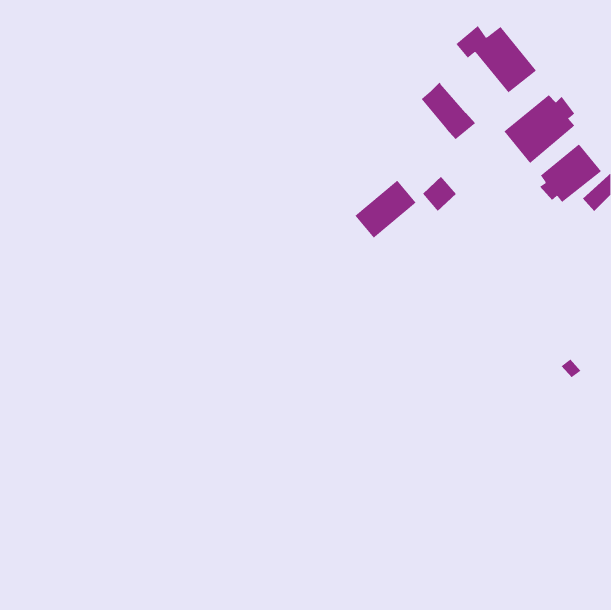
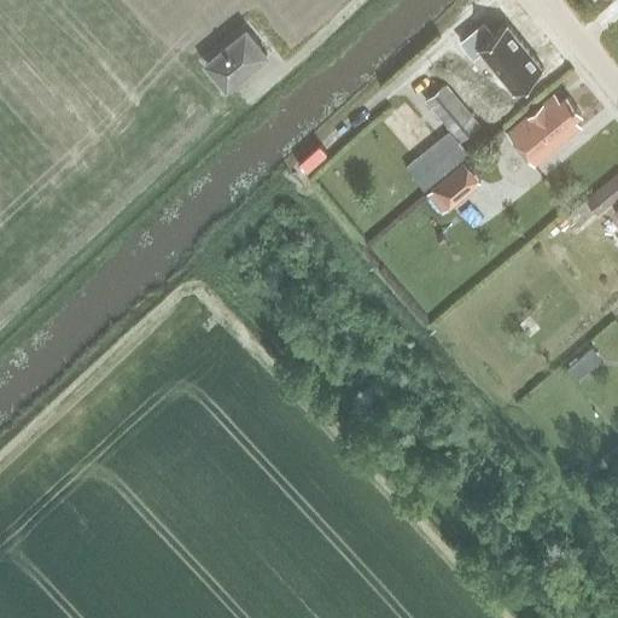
building: none -> [206,30,269,91]
building: [539,144,602,203] -> none
building: [354,180,417,238] -> [406,132,468,191]

